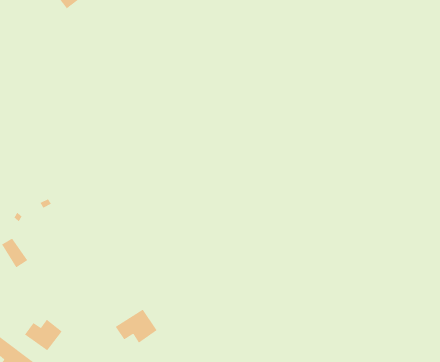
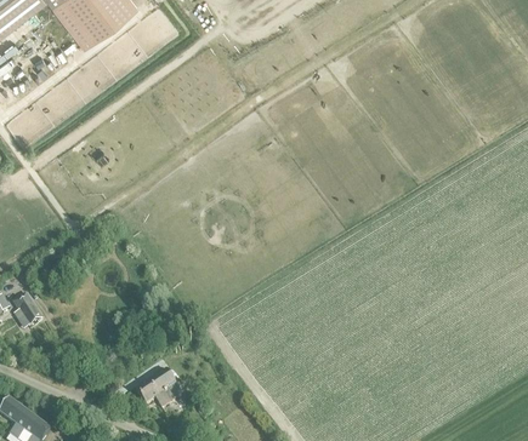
building: [24,319,62,351] -> none

